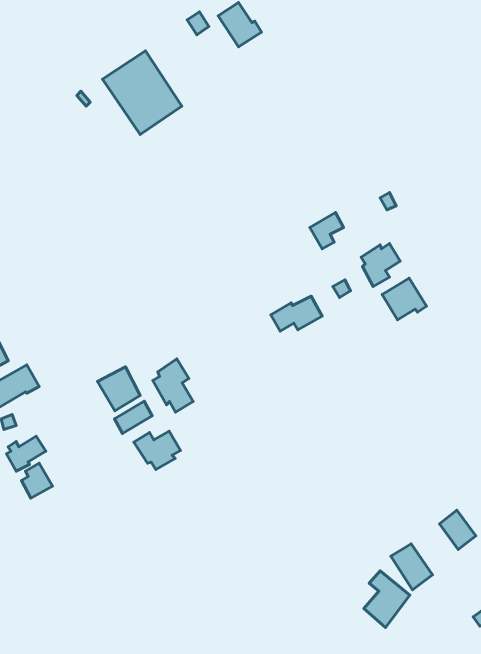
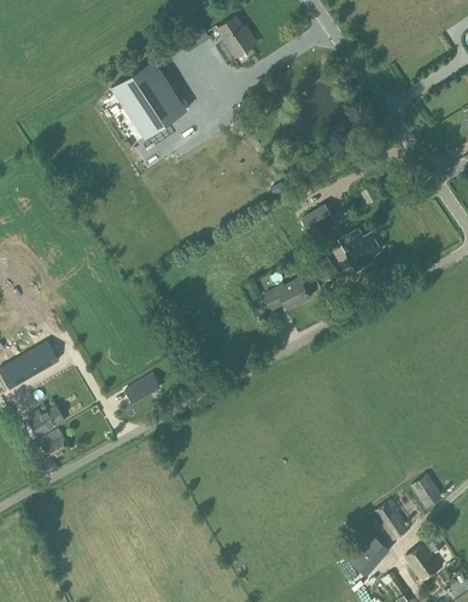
building: [382,278,426,320] -> none
building: [153,359,193,412] -> none
building: [98,367,140,411] -> none
building: [134,431,181,469] -> none
building: none -> [404,536,441,581]

